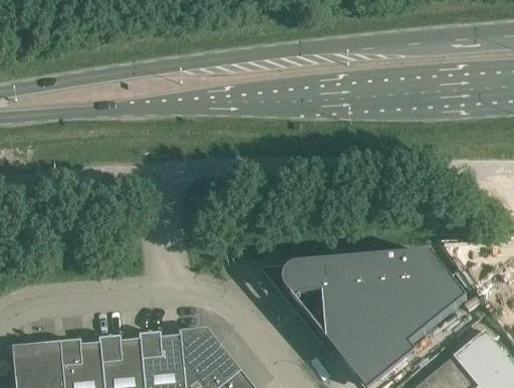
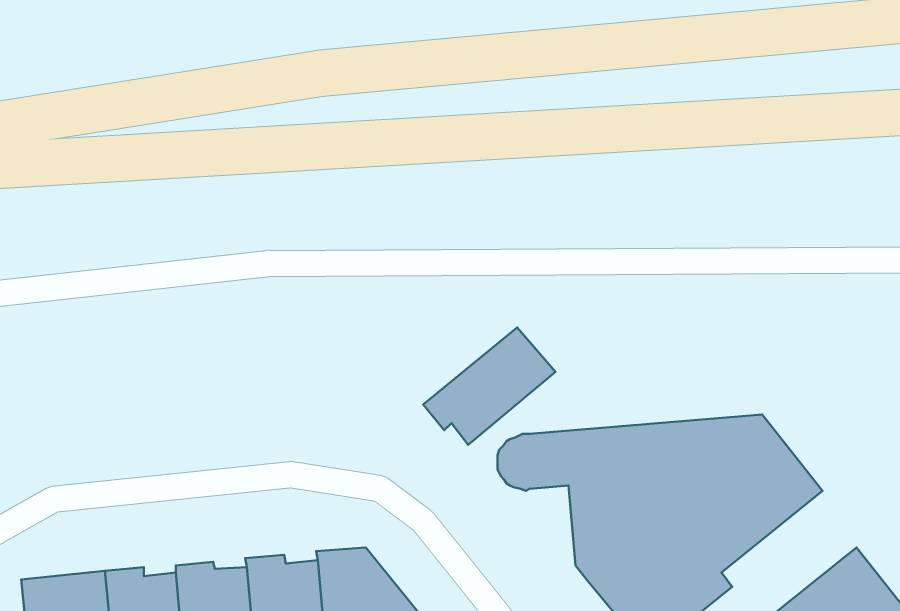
building: none -> [423,327,555,445]

